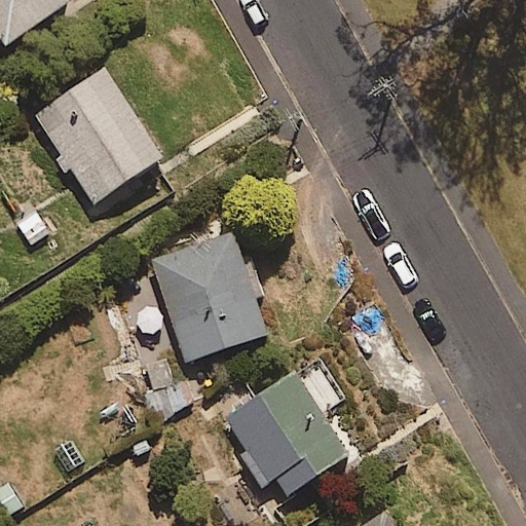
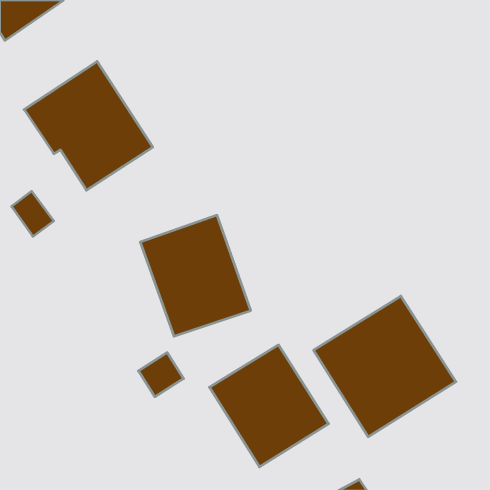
building: none -> [314,296,456,437]

